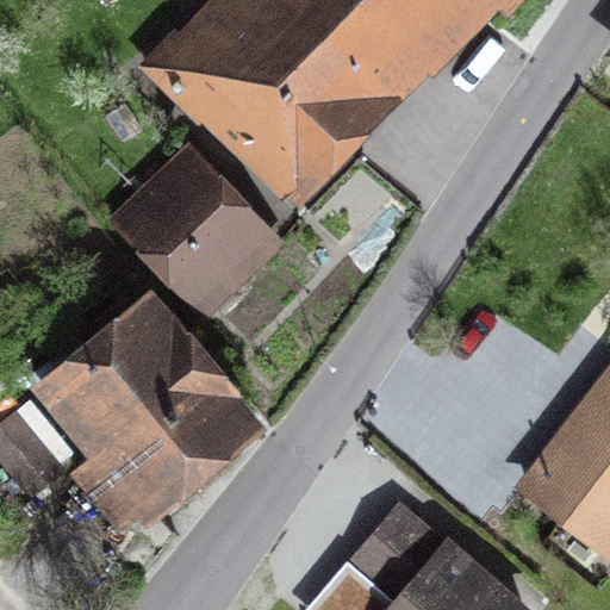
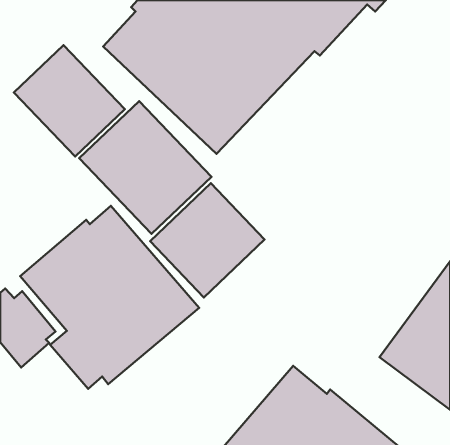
building: none -> [14,45,125,157]
building: none -> [150,183,264,297]

